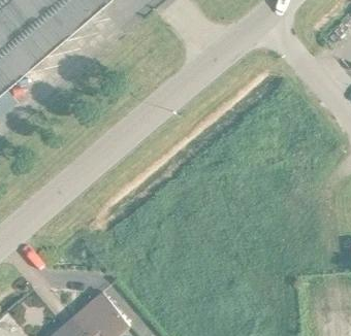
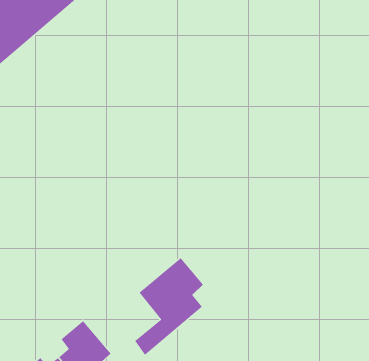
building: none -> [134,257,204,356]

